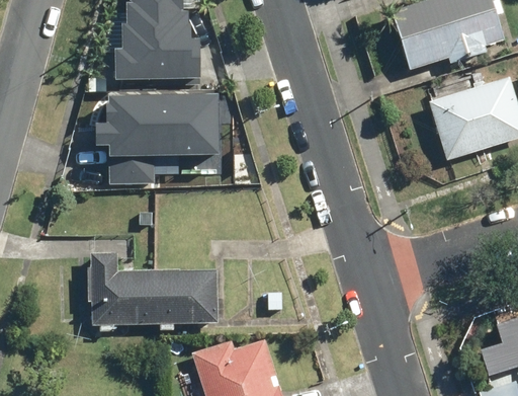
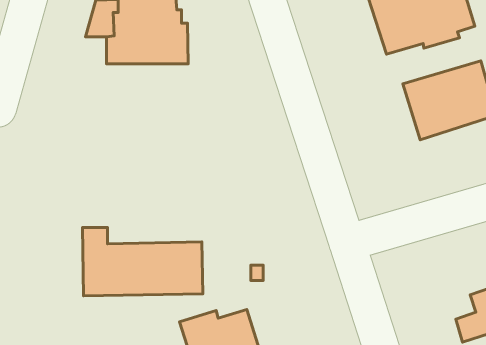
building: [96,94,222,183] -> none

